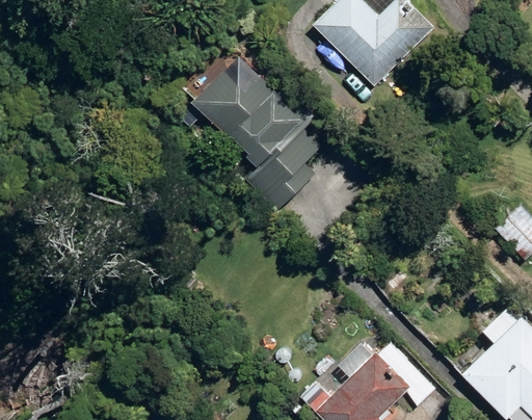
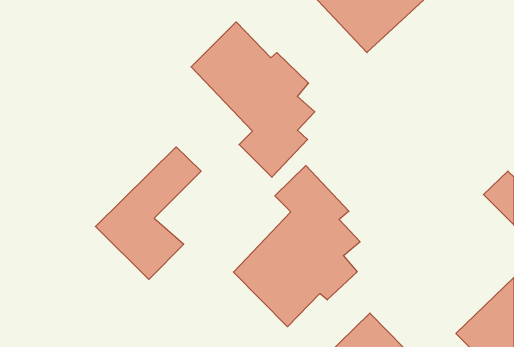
building: none -> [95,147,201,279]
building: none -> [233,166,360,327]

